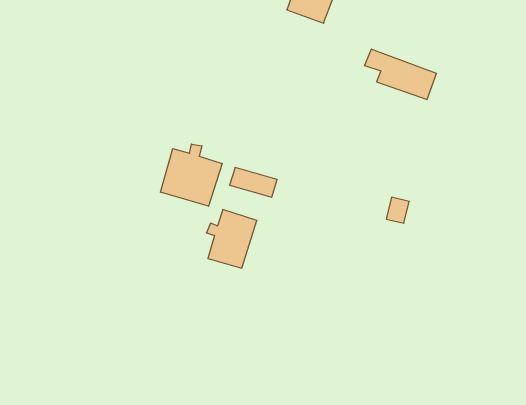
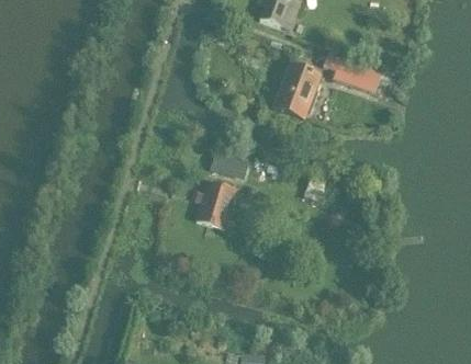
building: none -> [274,66,319,117]
building: [160,144,222,206] -> none

